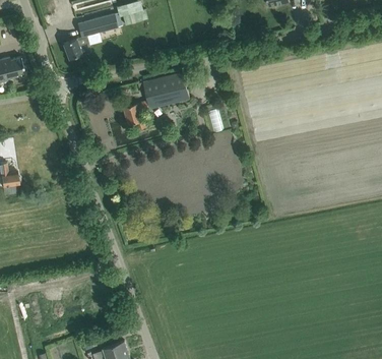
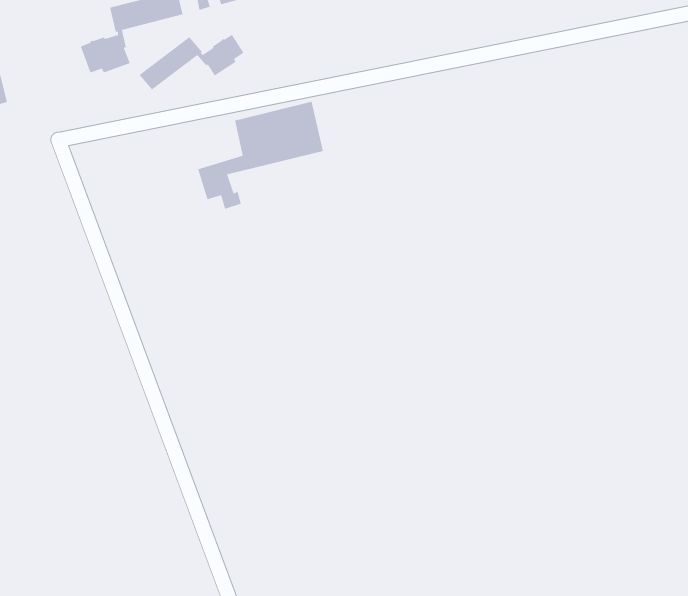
building: none -> [138,34,245,91]

